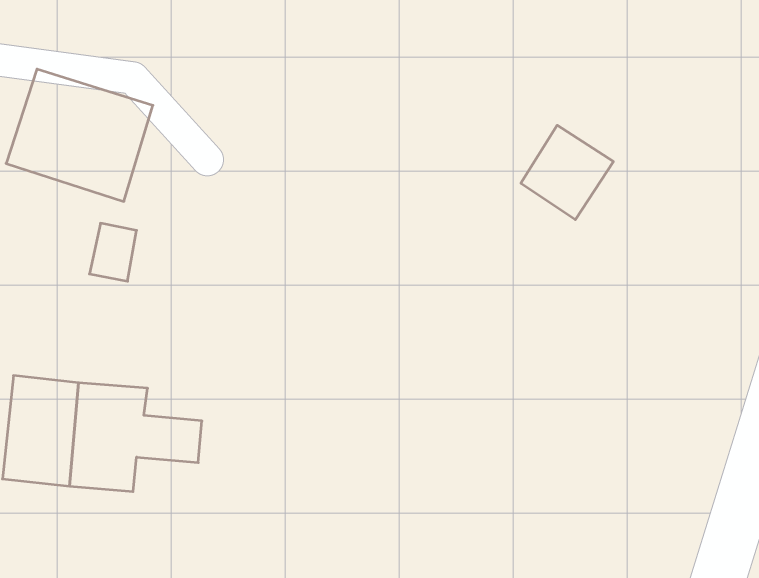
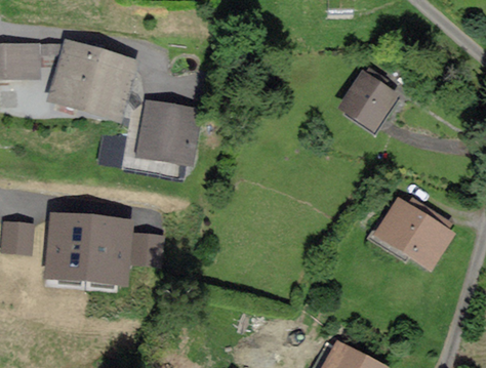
building: none -> [138,105,197,162]
building: none -> [376,201,449,267]

